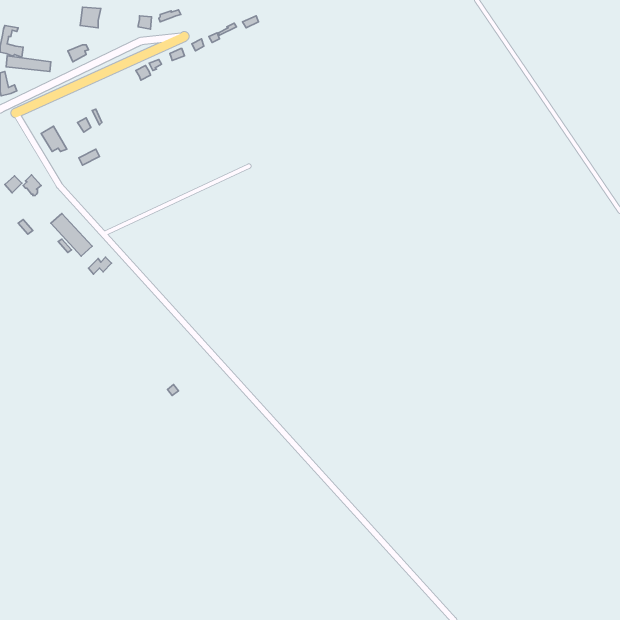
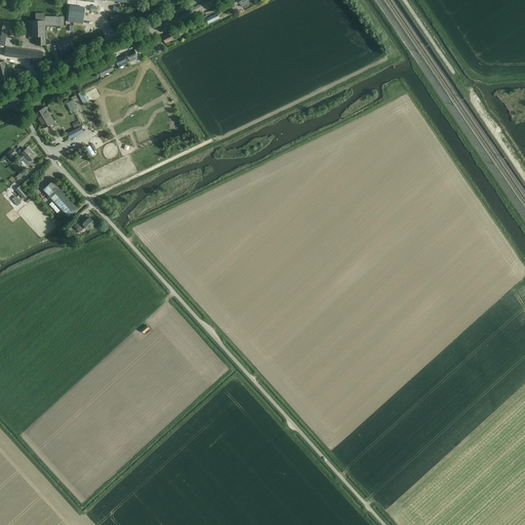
building: none -> [28,12,64,45]

